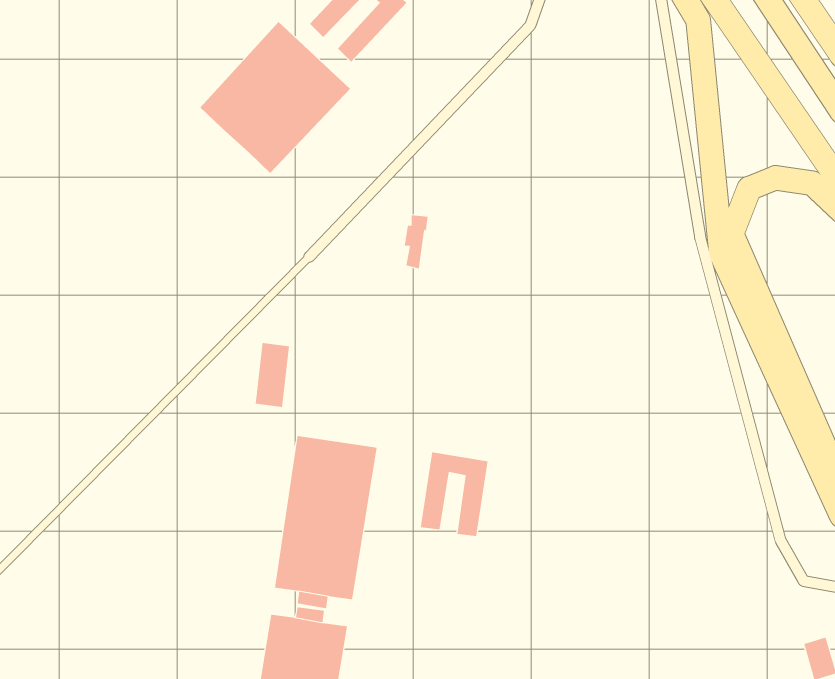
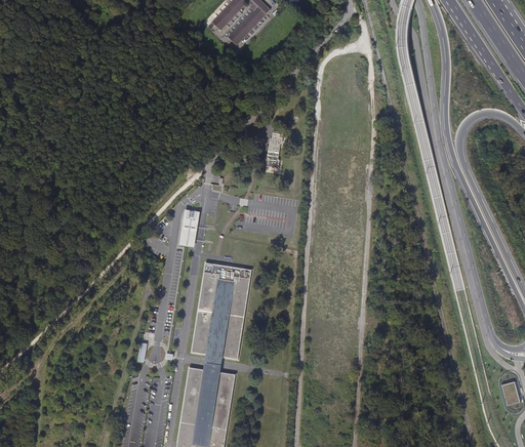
building: [200,21,351,174] -> none
building: [420,452,488,537] -> none

